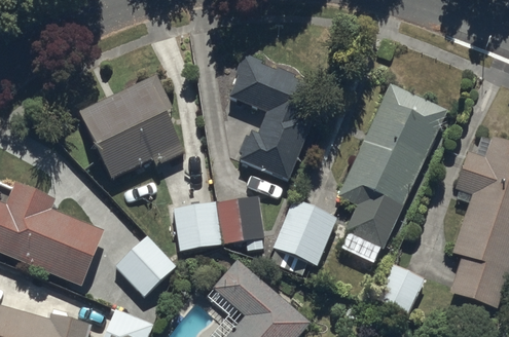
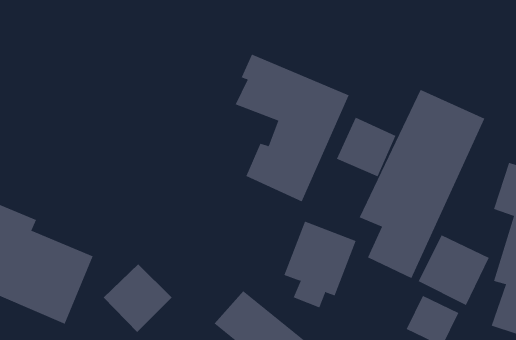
building: [80,76,186,179] -> none
building: none -> [336,117,396,177]
building: [168,196,263,251] -> none
building: none -> [418,235,489,306]

